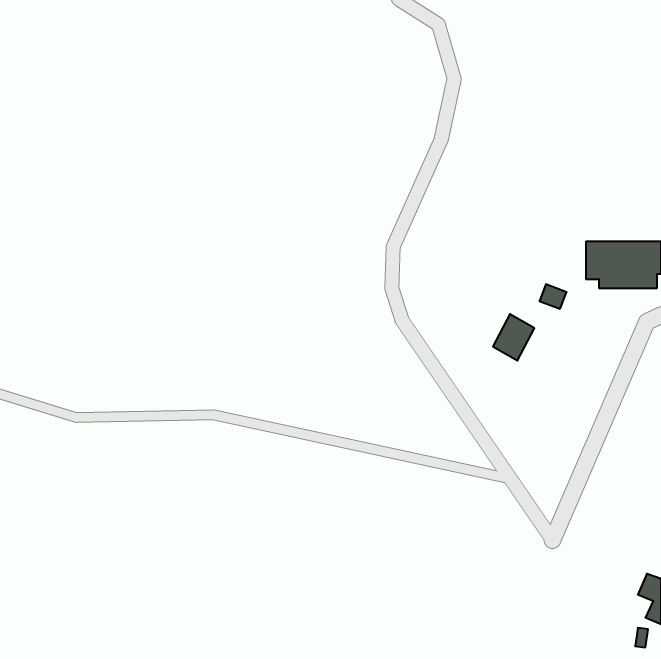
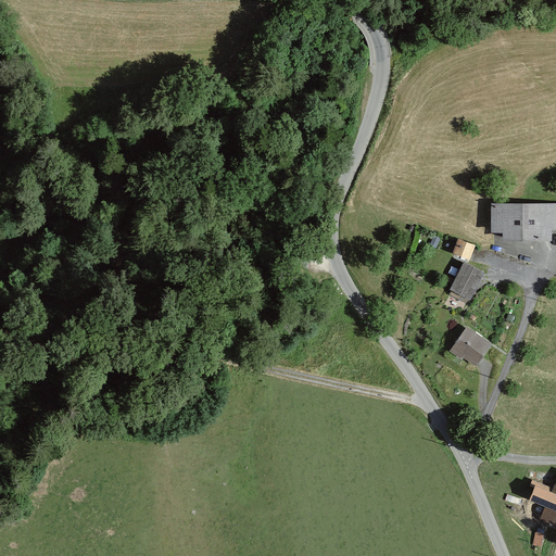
building: [493,314,534,361] -> [450,262,484,301]
building: none -> [452,327,491,366]

